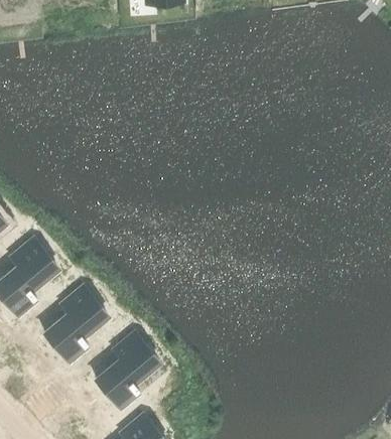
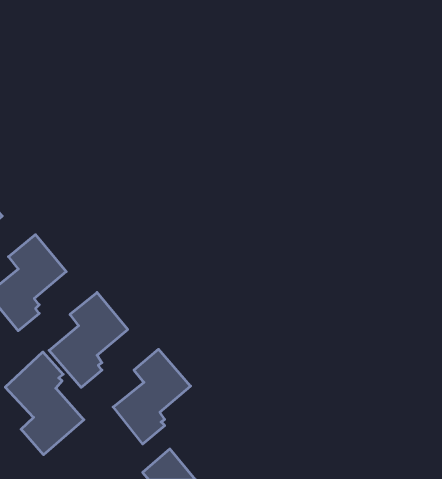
building: none -> [5,352,84,455]

